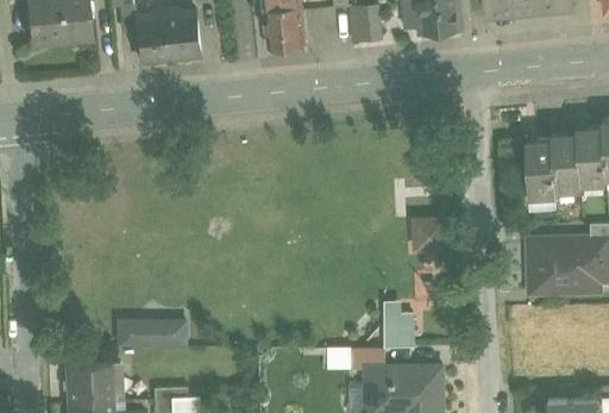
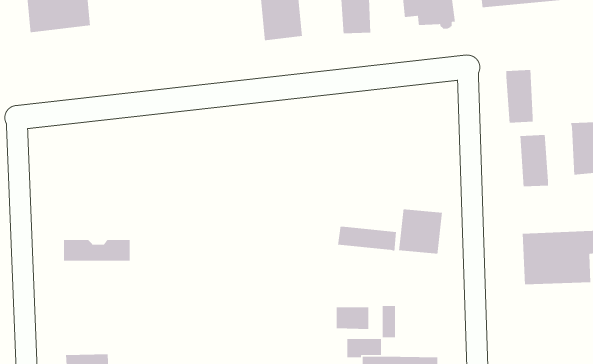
building: [136,11,202,60] -> none
building: [552,134,580,189] -> [505,69,534,123]
building: none -> [337,226,397,252]
building: none -> [336,307,369,330]
building: [119,321,187,344] -> [63,239,130,261]

